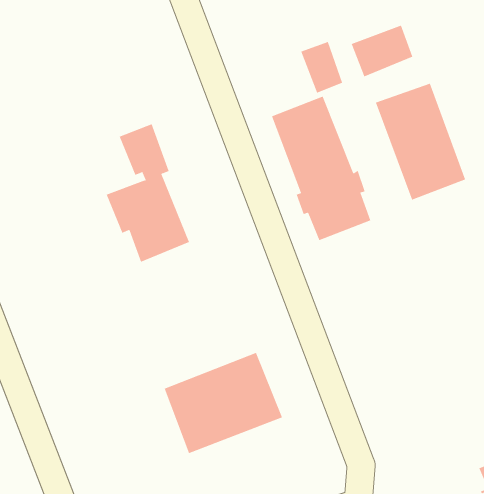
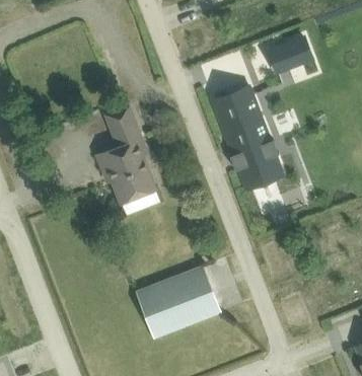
building: [300,41,343,93] -> none
building: [375,83,466,200] -> none

